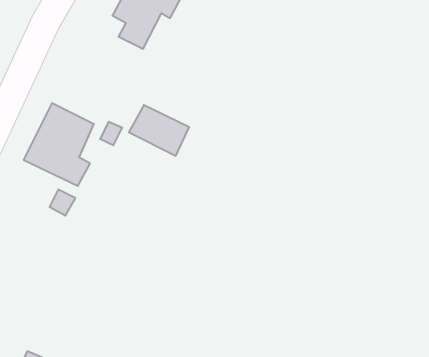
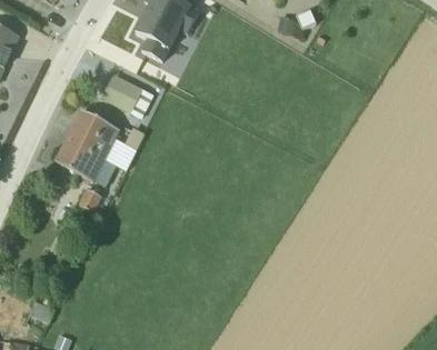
building: [129,105,189,156] -> [99,72,153,118]

